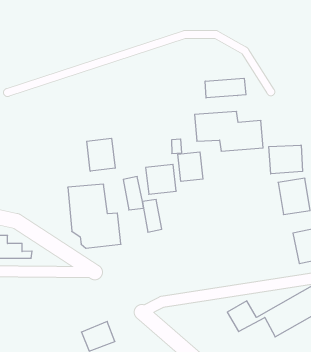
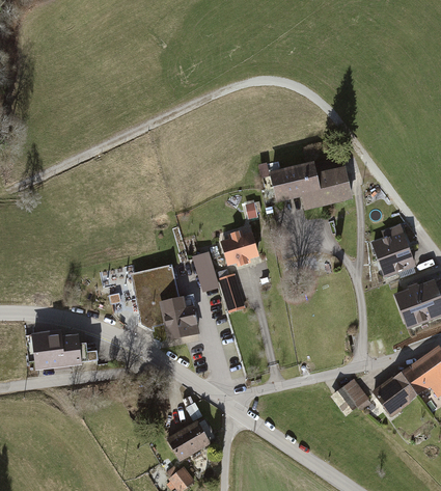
building: [205,78,246,98] -> none
building: [87,138,115,171] -> none
building: [269,145,303,174] -> none
building: [178,152,203,181] -> none

